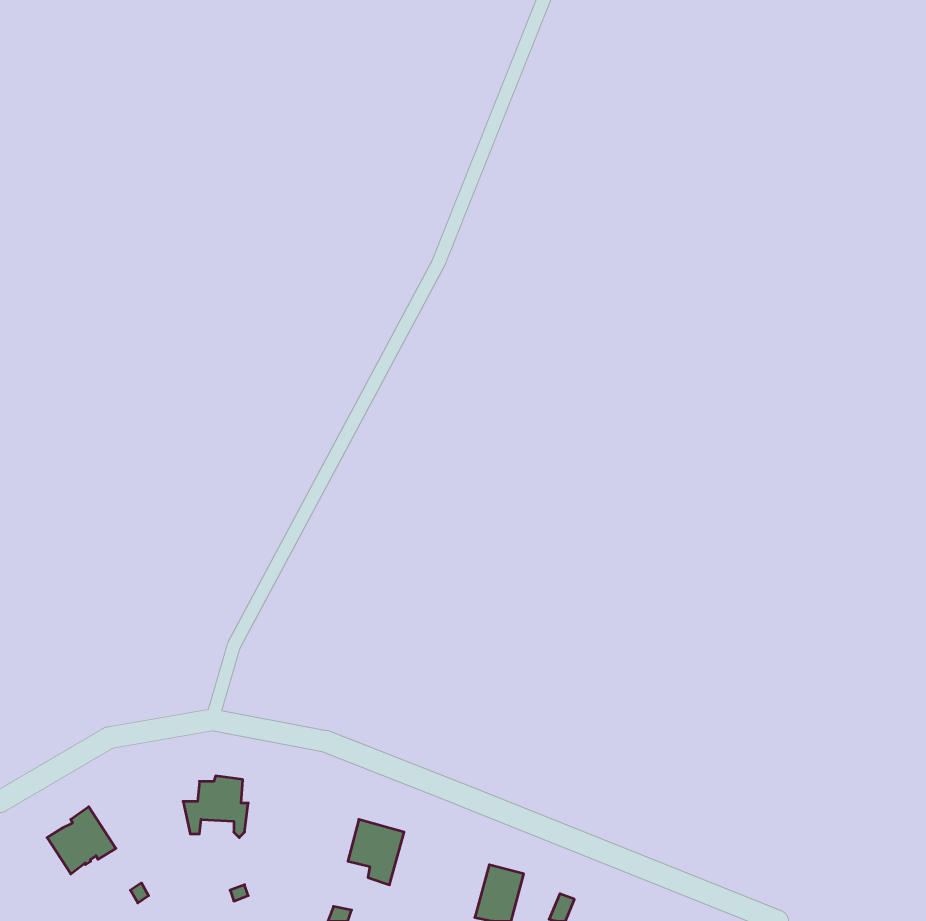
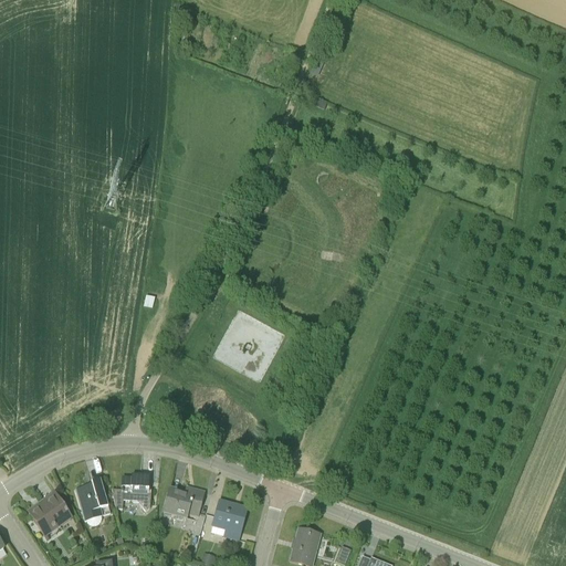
building: none -> [76,478,111,520]
building: none -> [164,488,205,517]

